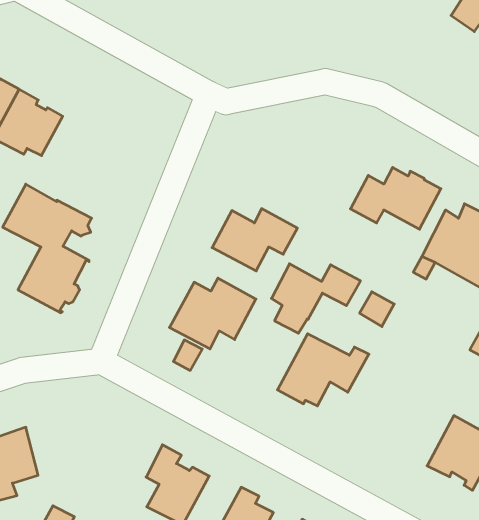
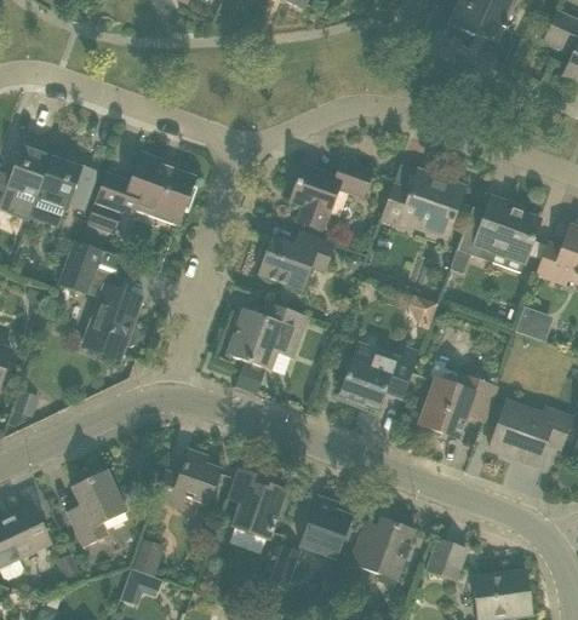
building: none -> [86,154,194,235]
building: [271,264,360,333] -> [291,160,372,229]
building: none -> [419,372,496,437]
building: none -> [154,448,222,509]

